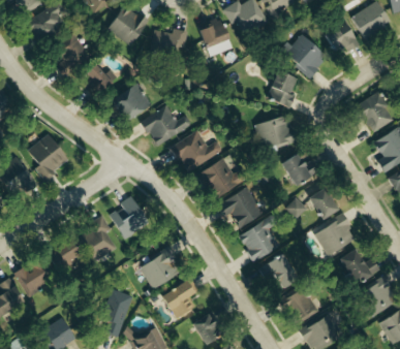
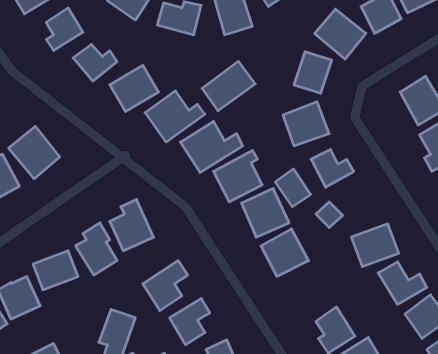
building: none -> [202,61,255,111]
building: [308,188,338,220] -> [275,169,311,207]
building: [258,254,294,285] -> none

